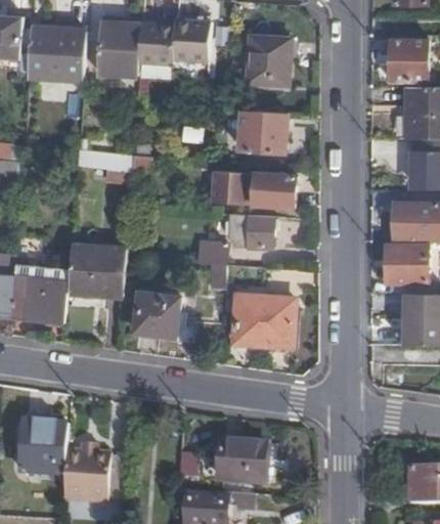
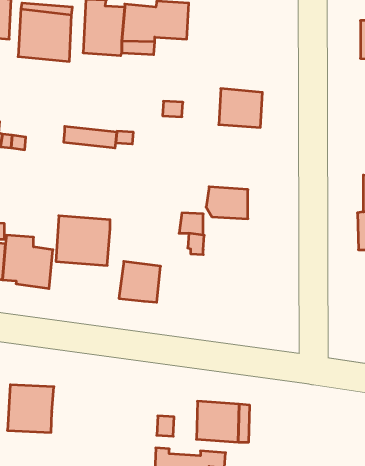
building: [247,37,289,85] -> none
building: [213,171,295,209] -> none
building: [235,295,297,353] -> none
building: [61,451,105,500] -> none

